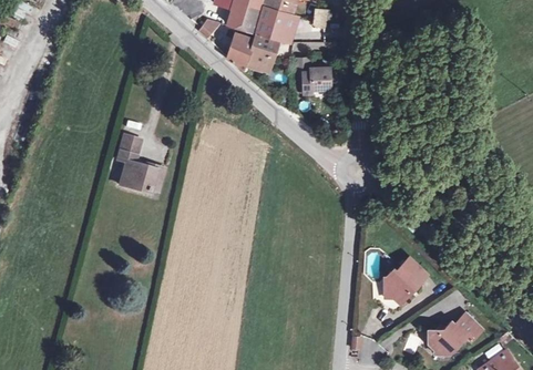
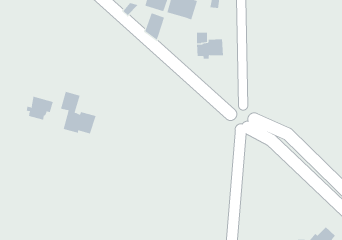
building: [246,33,279,71] -> none
building: none -> [26,96,53,121]
building: [385,257,428,304] -> none

